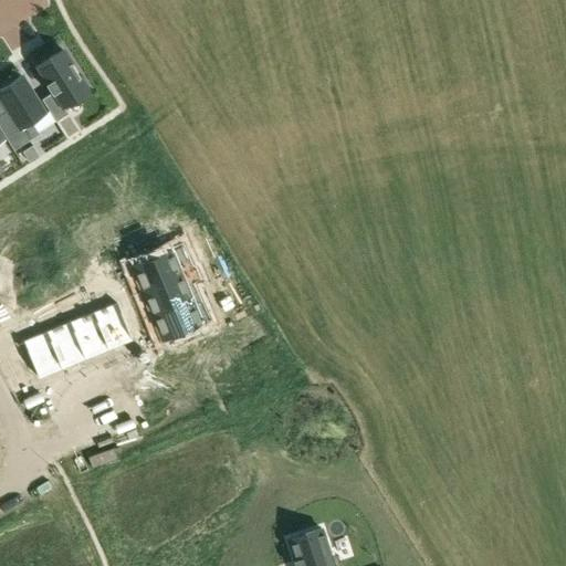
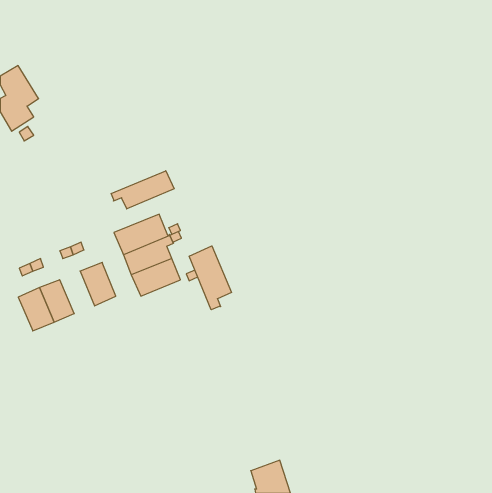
building: [36,49,88,122] -> none
building: none -> [111,171,174,209]
building: none -> [189,246,232,310]
building: [70,311,109,359] -> none

